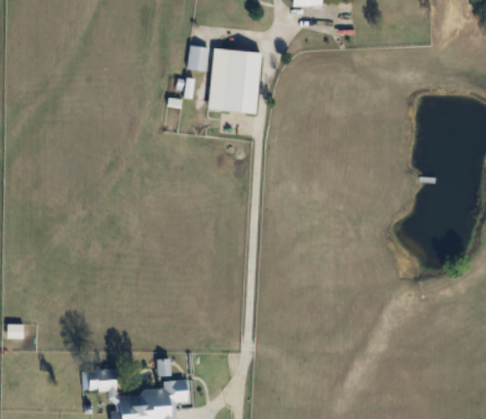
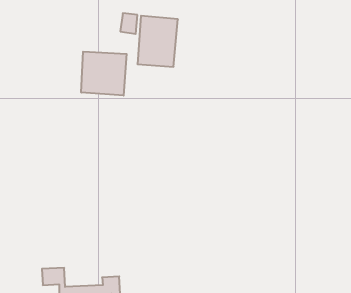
building: none -> [81,52,127,96]

